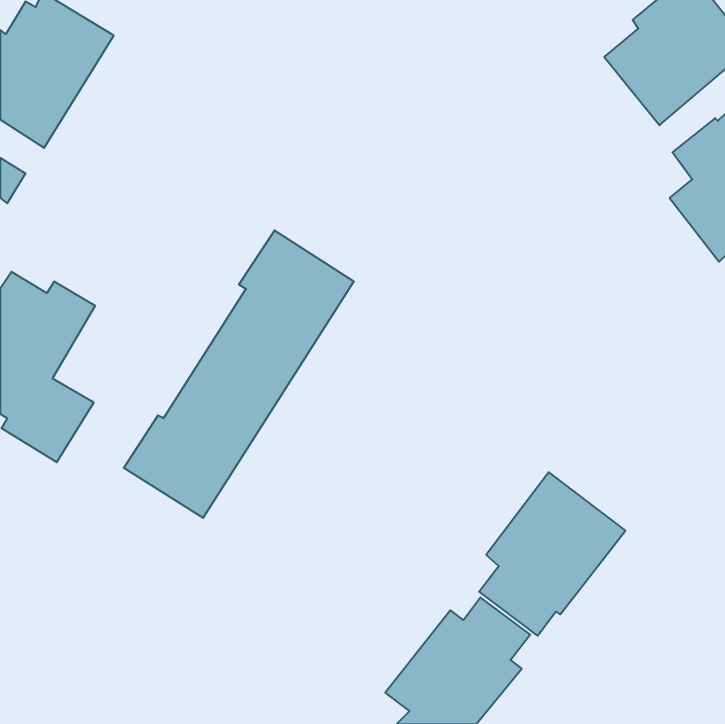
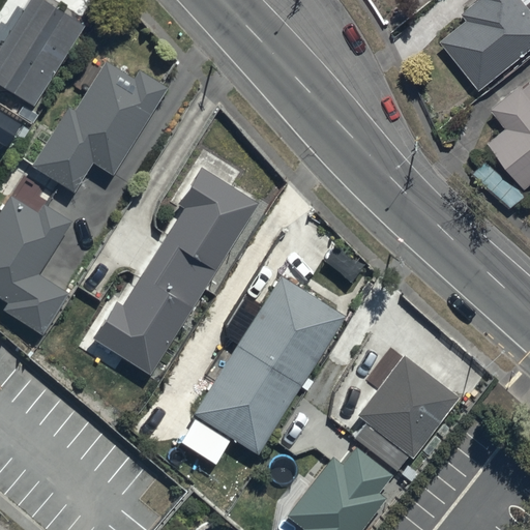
building: none -> [31,63,168,194]
building: none -> [192,275,346,457]

